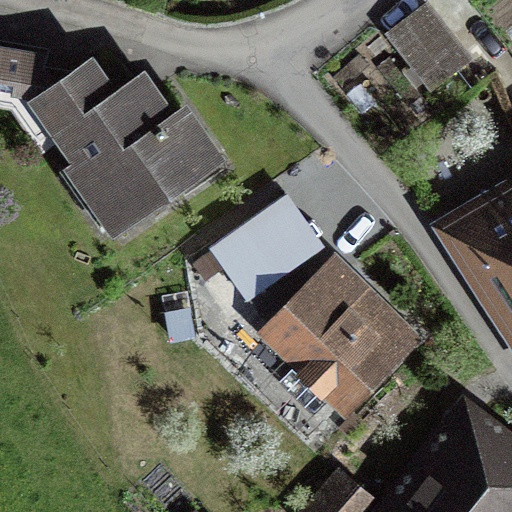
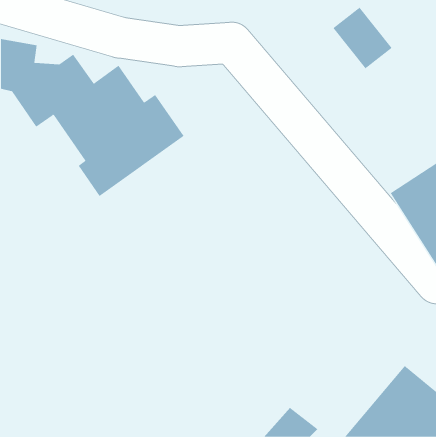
building: [208,190,328,302] -> none
building: [273,262,412,415] -> none

